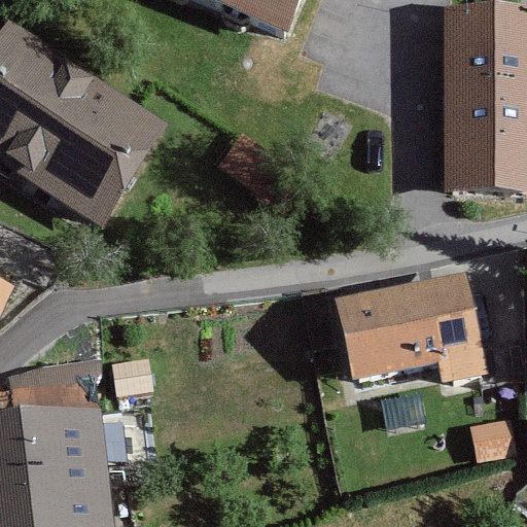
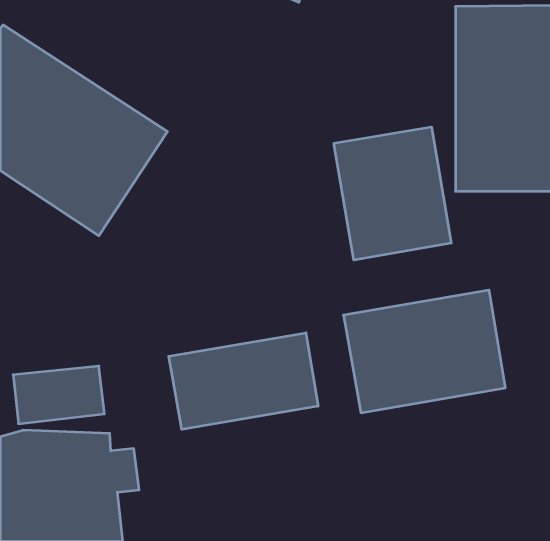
building: none -> [334,127,451,260]
building: none -> [169,333,318,429]

